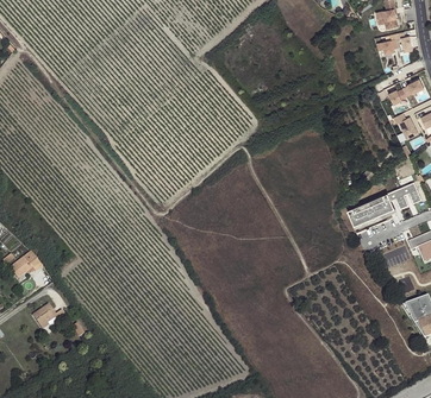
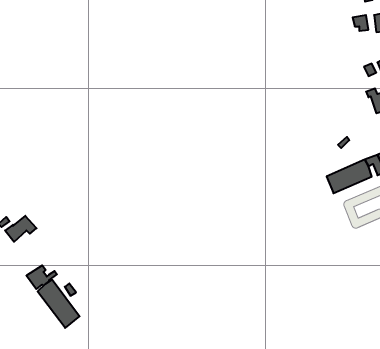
building: none -> [38,280,80,328]

